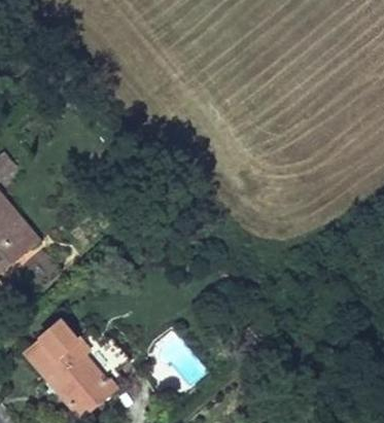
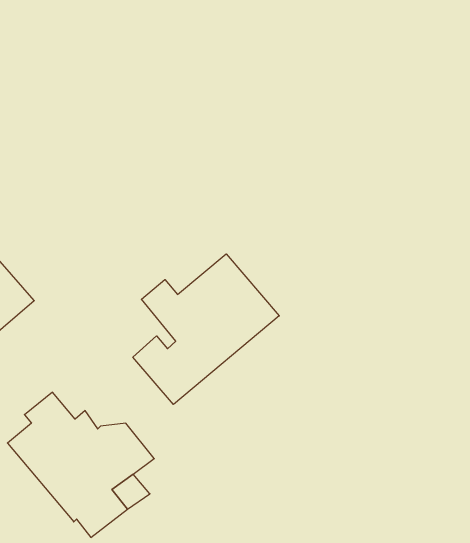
building: none -> [133,254,279,404]

